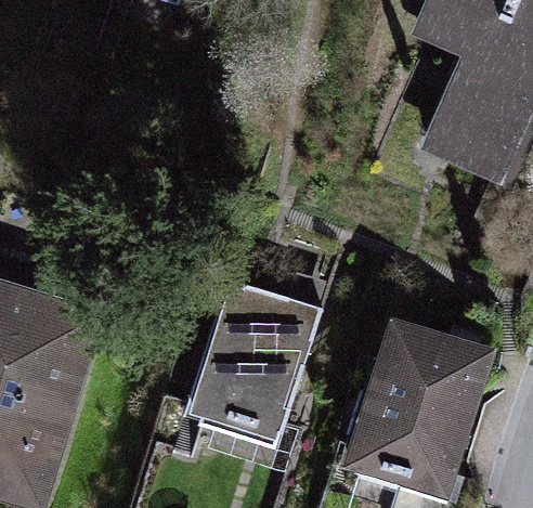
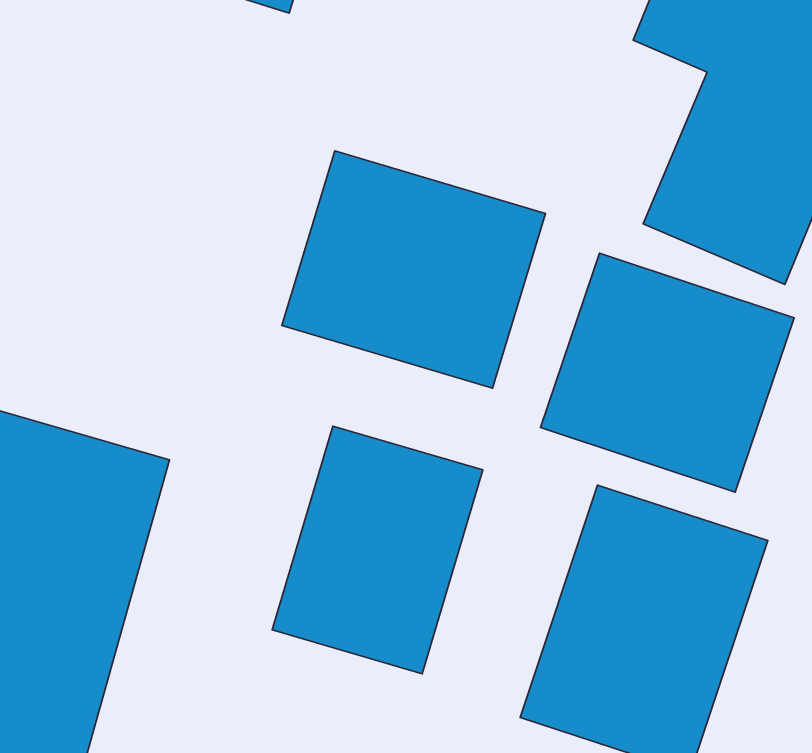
building: none -> [282,151,545,388]
building: none -> [541,253,794,492]

